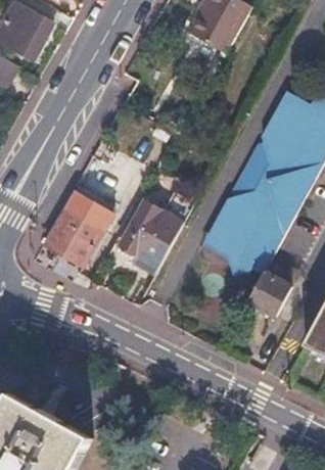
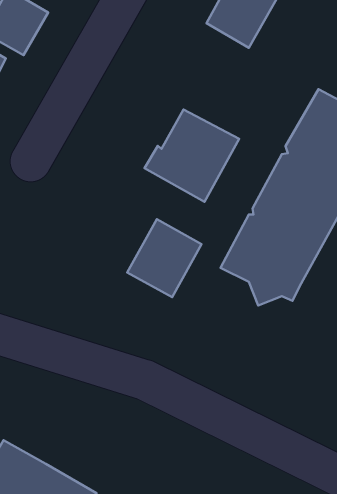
building: none -> [145,109,239,202]
building: [46,194,112,267] -> none
building: [246,261,296,318] -> none

